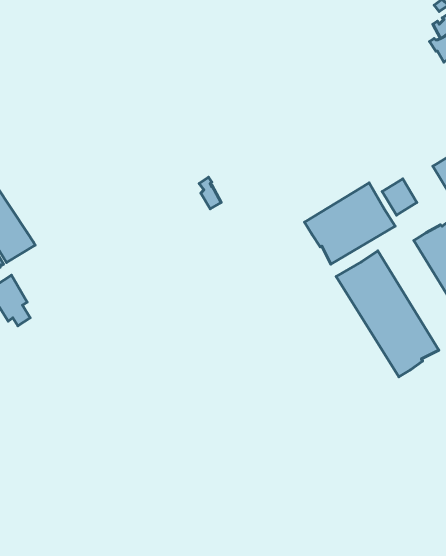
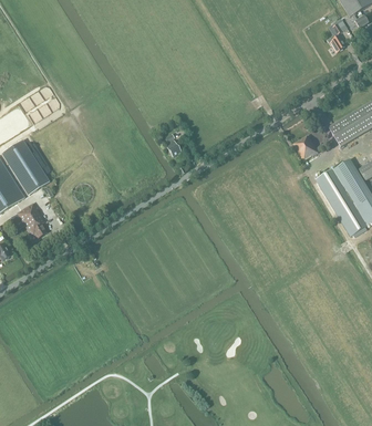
building: [305,183,395,264] -> none
building: [336,251,439,377] -> none

